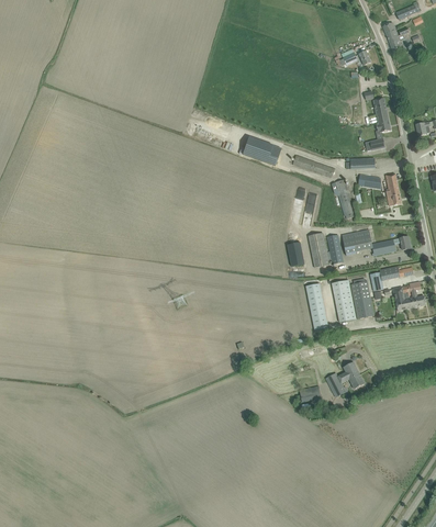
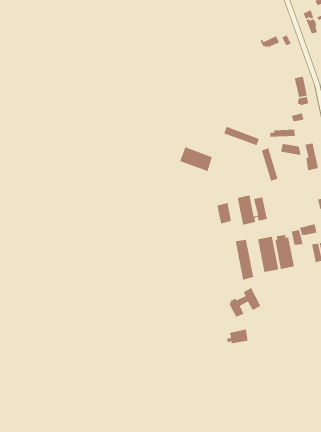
building: [243,136,281,166] -> [179,146,213,172]
building: [342,228,396,255] -> none
building: [327,361,365,396] -> [228,287,261,318]

